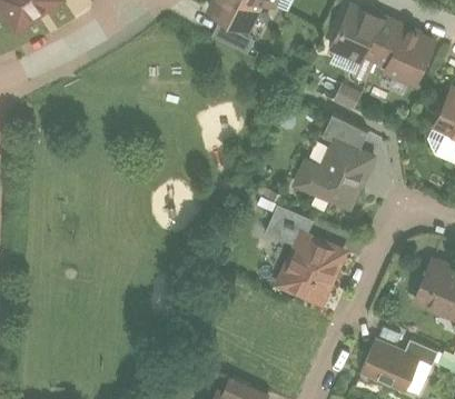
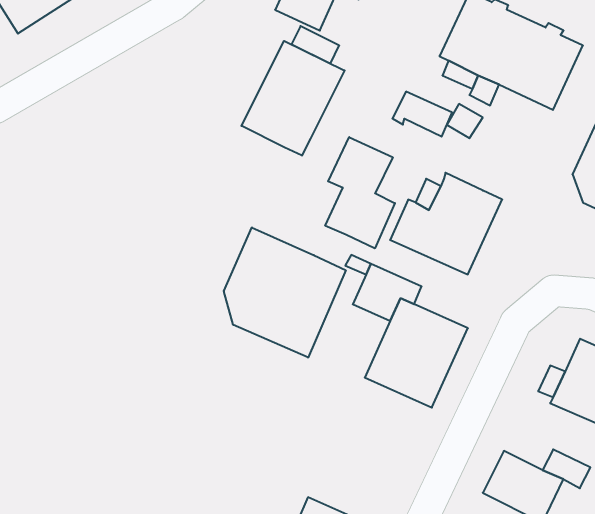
building: none -> [241,41,345,156]
building: none -> [325,137,395,248]
building: [324,114,368,148] -> [392,92,452,137]
building: none -> [224,227,346,358]

